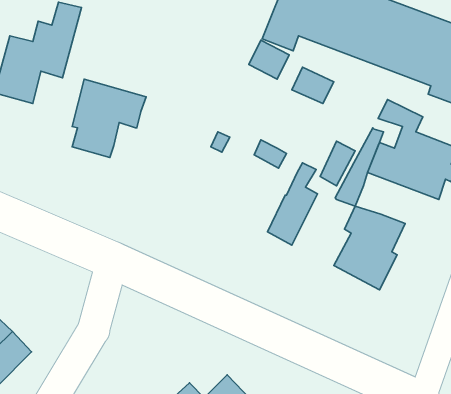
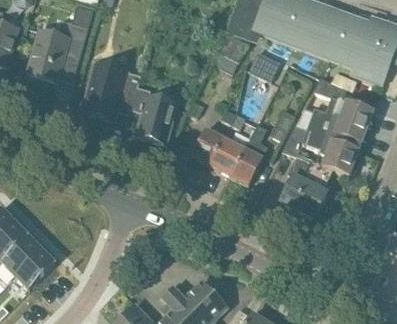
building: none -> [130,86,177,143]
building: none -> [192,128,244,175]
building: none -> [302,131,358,175]

